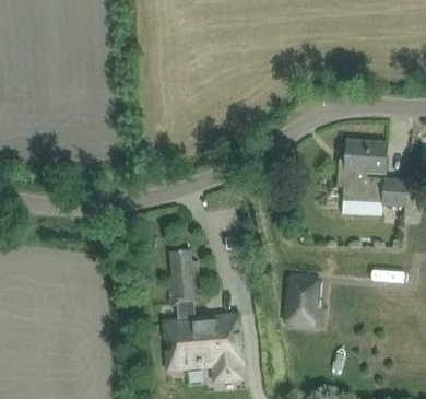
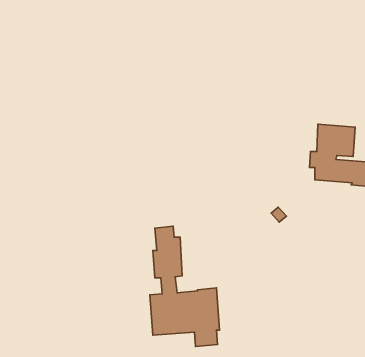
building: [288,280,317,321] -> none

